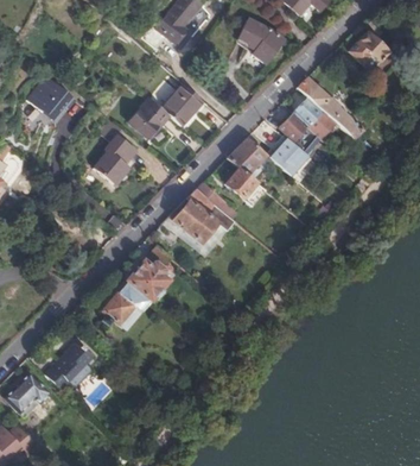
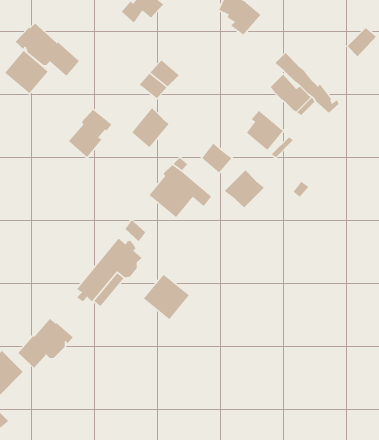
building: [348,32,388,71] -> none
building: none -> [15,23,80,77]
building: [132,97,170,138] -> [131,107,170,148]
building: [279,112,317,153] -> none
building: [227,137,267,175] -> [224,170,265,208]
building: none -> [143,274,190,320]

